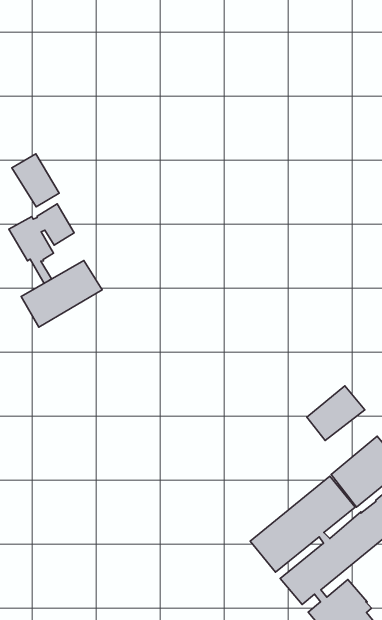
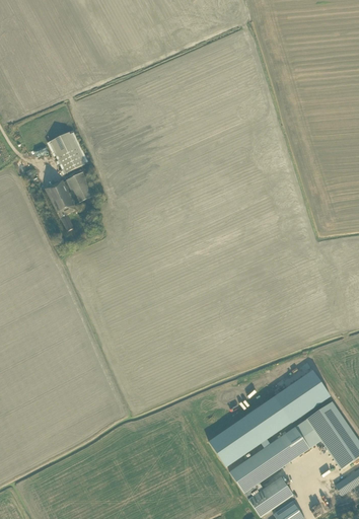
building: [21,260,102,327] -> none
building: [307,386,365,440] -> none

